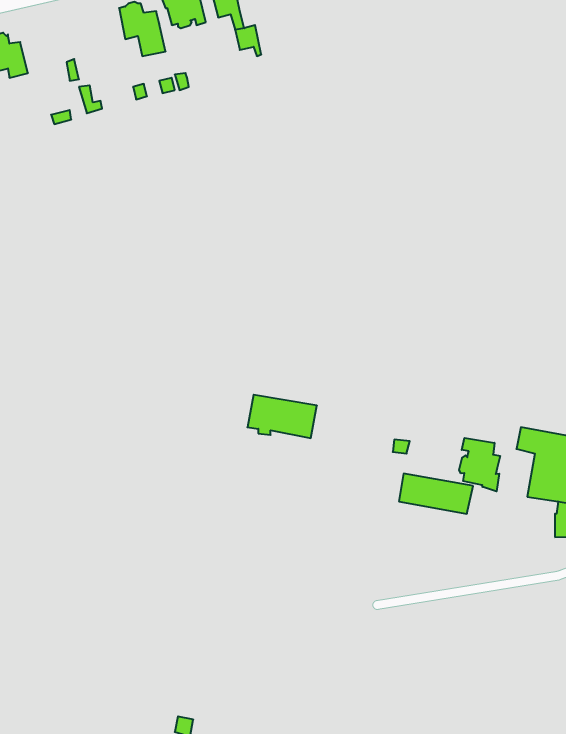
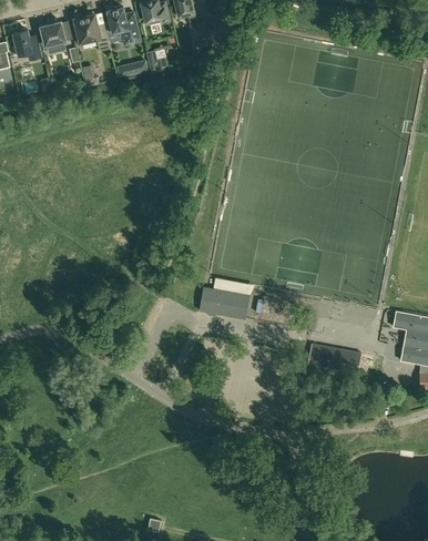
building: none -> [72,11,110,51]
building: none -> [39,21,71,45]
building: [459,438,500,491] -> none

